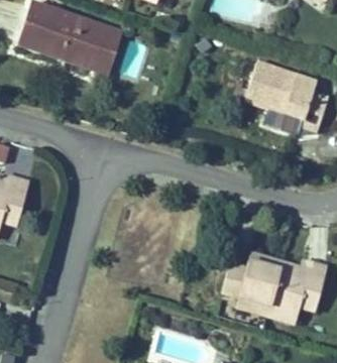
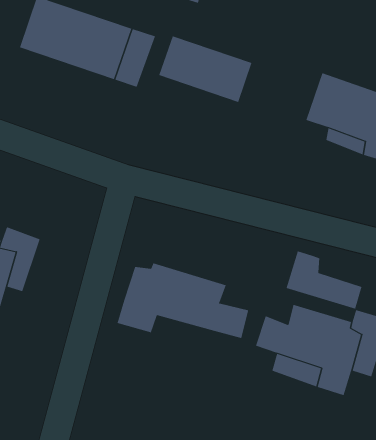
building: none -> [159,35,252,103]
building: none -> [286,251,362,309]
building: none -> [117,263,249,339]

